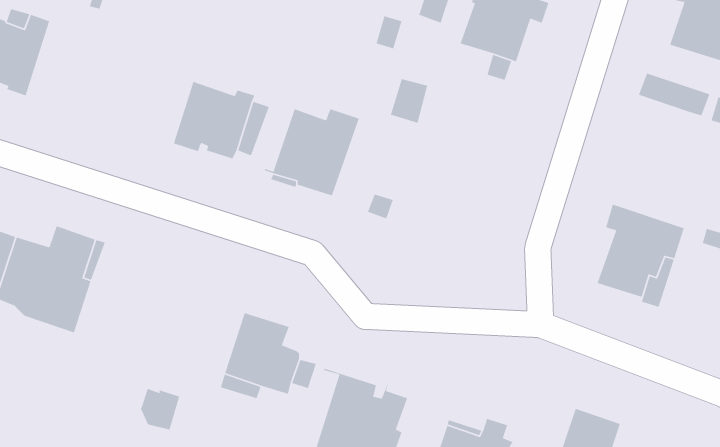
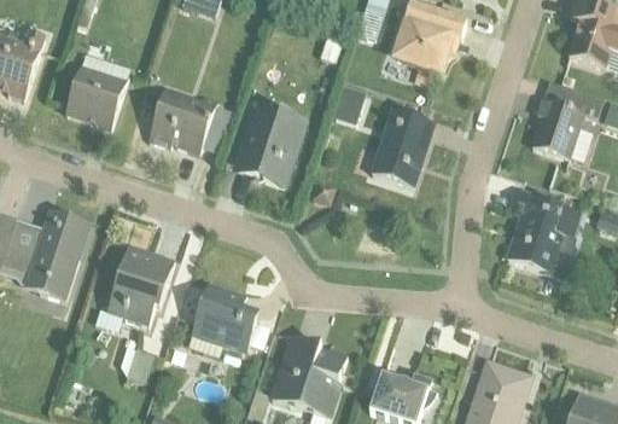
building: none -> [65,53,132,128]
building: none -> [532,99,593,161]
building: none -> [372,109,433,186]
building: none -> [106,245,175,326]

